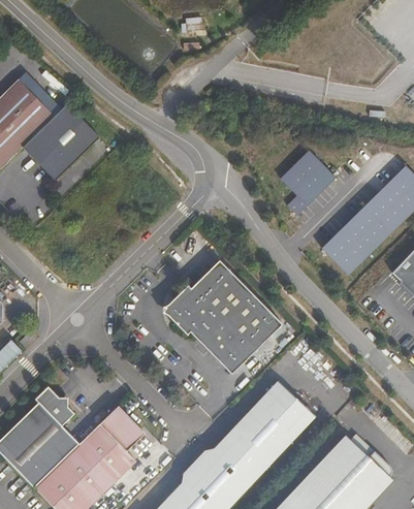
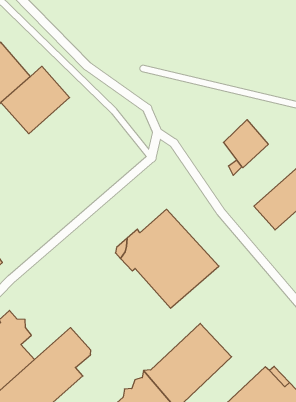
building: [266,379,315,426] -> none

